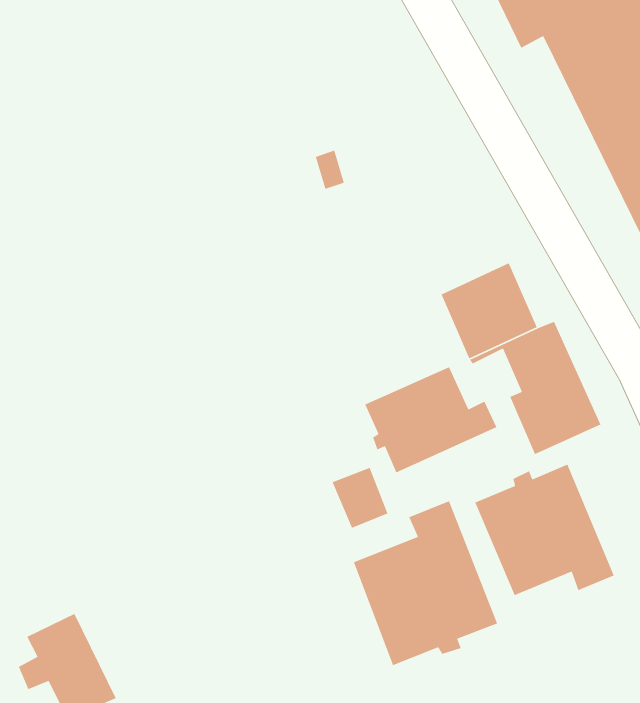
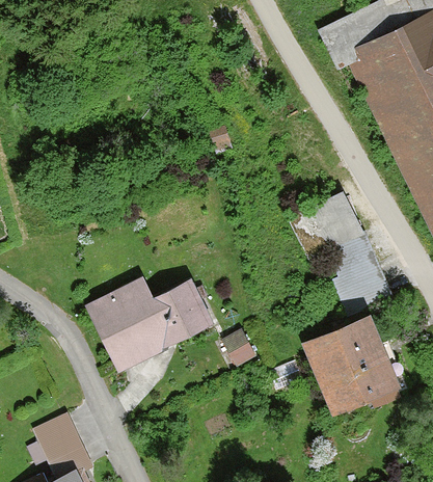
building: [364,366,497,473] -> none
building: none -> [94,280,210,363]
building: [353,500,498,666] -> none

